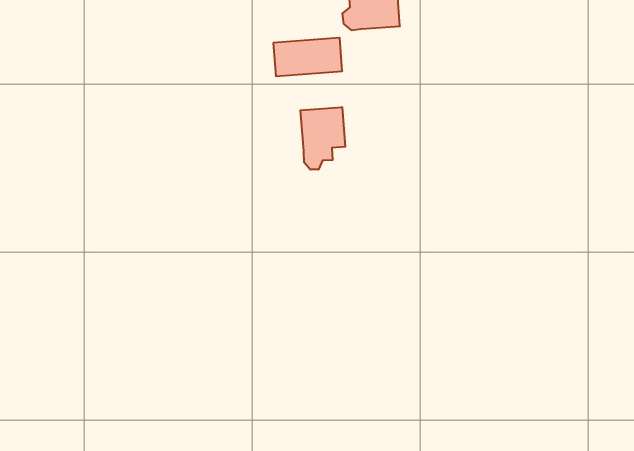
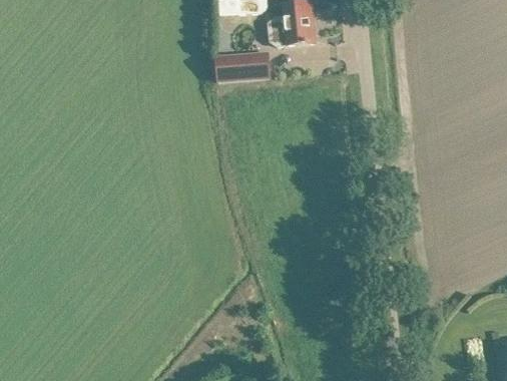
building: [300,107,345,170] -> none

